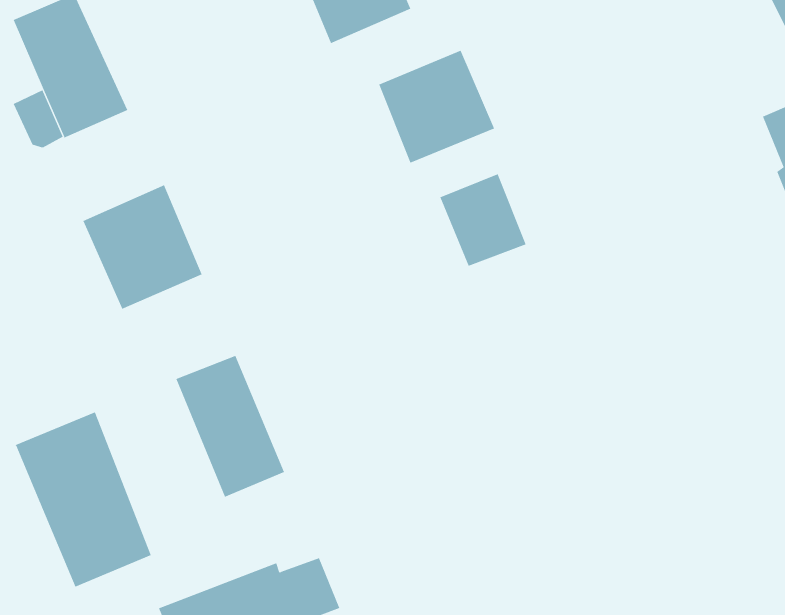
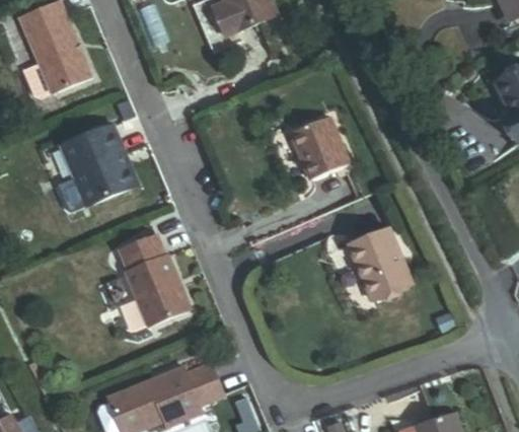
building: [378,50,495,163] -> none
building: none -> [347,226,409,296]
building: [15,412,152,587] -> none

